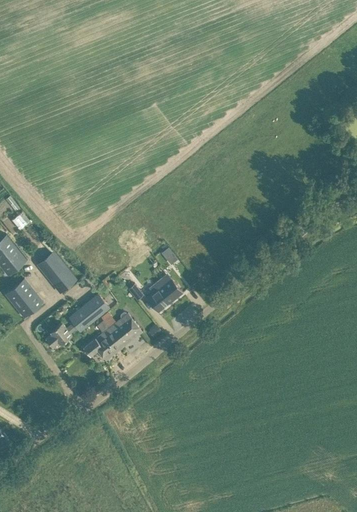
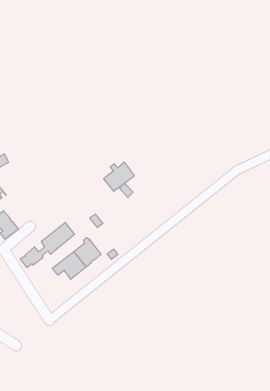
building: [36,250,75,292] -> none
building: [144,277,181,312] -> [104,162,134,191]

